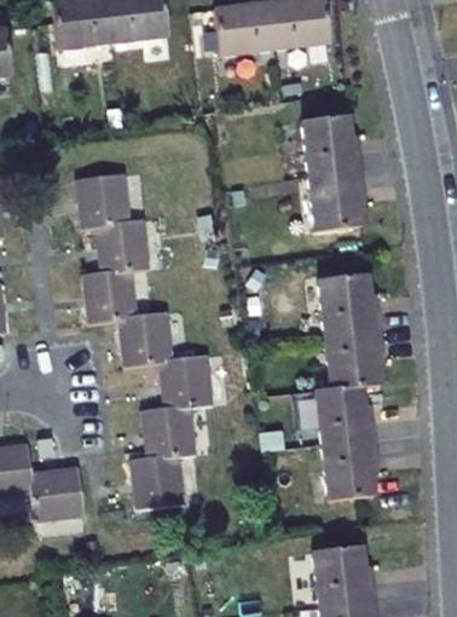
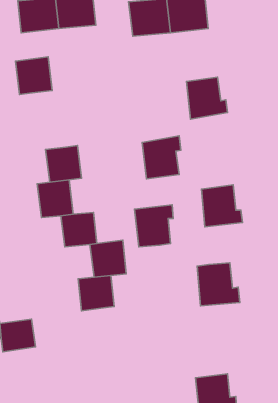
building: [307,172,363,233] -> [142,136,181,179]
building: [74,173,127,227] -> [15,57,52,95]
building: [328,330,383,391] -> [135,205,173,247]
building: [322,445,380,504] -> none
building: [135,452,190,502] -> none

